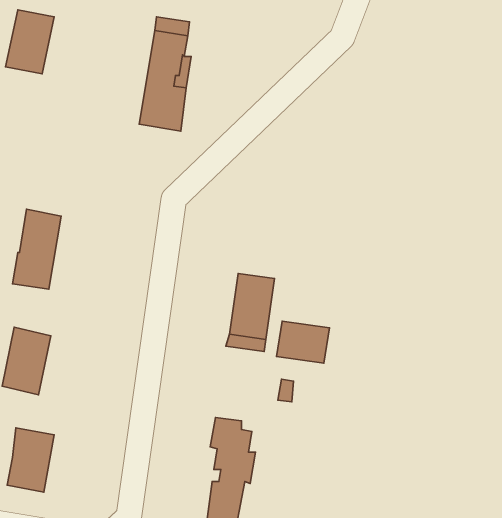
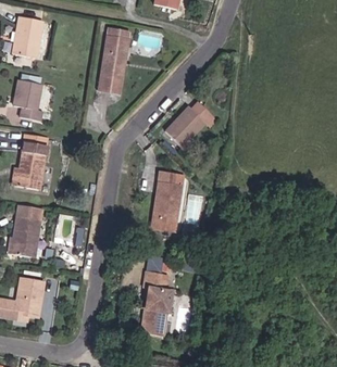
building: none -> [15,79,46,122]
building: none -> [166,102,217,147]
building: [277,321,330,363] -> none

